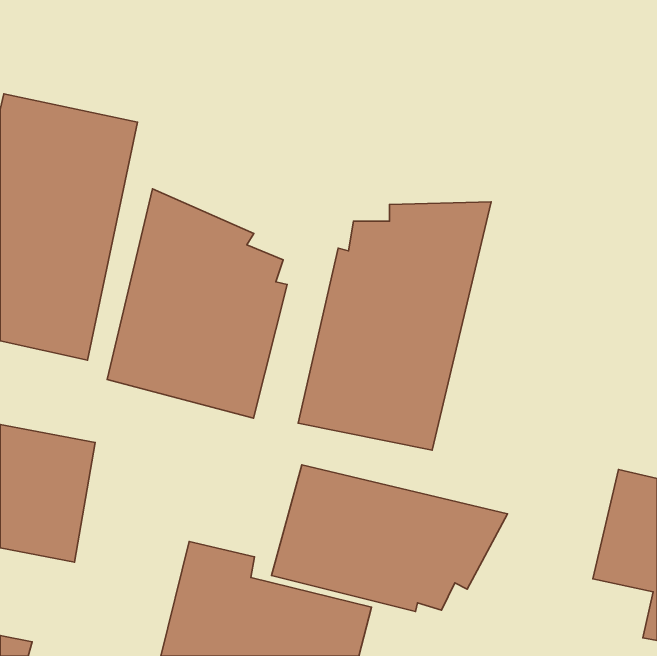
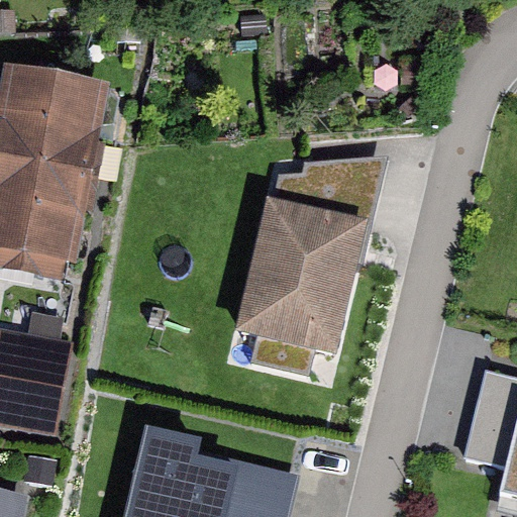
building: [107,189,287,418] -> none
building: [271,465,507,611] -> none

